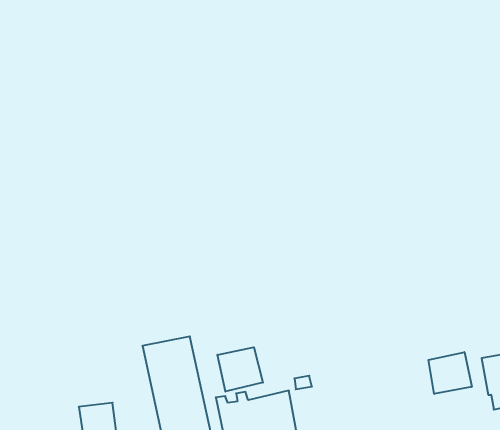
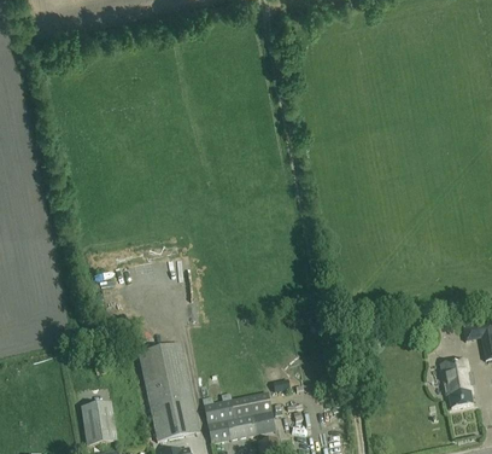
building: [217,347,263,392] -> none
building: [428,352,472,394] -> none

